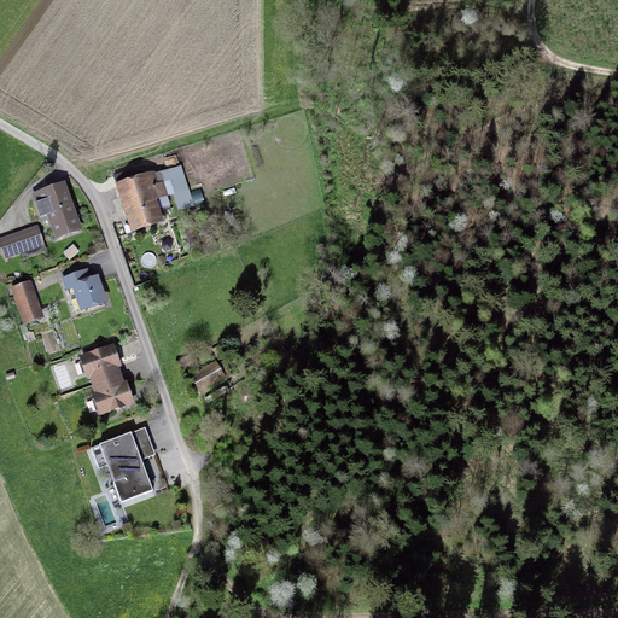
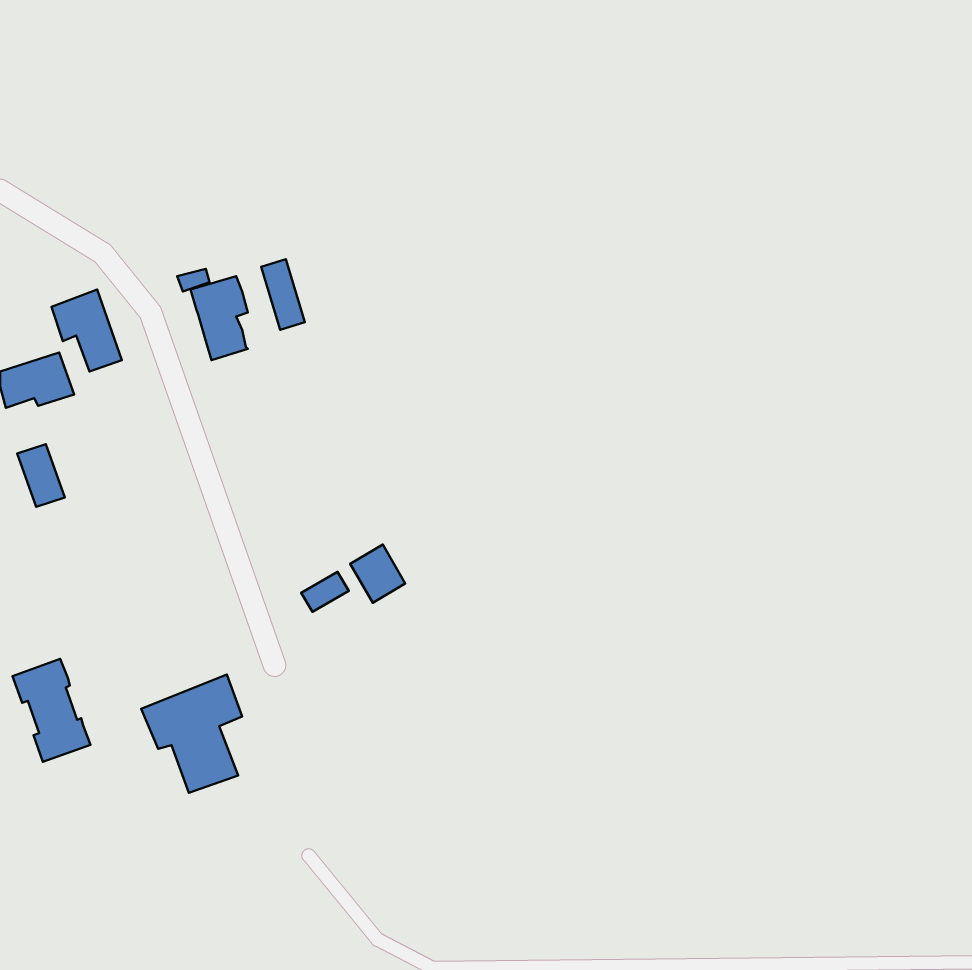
building: [58,270,104,307] -> none
building: none -> [350,545,405,603]
building: [82,346,132,412] -> [13,659,91,762]

